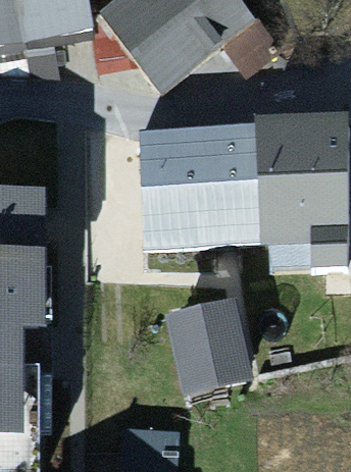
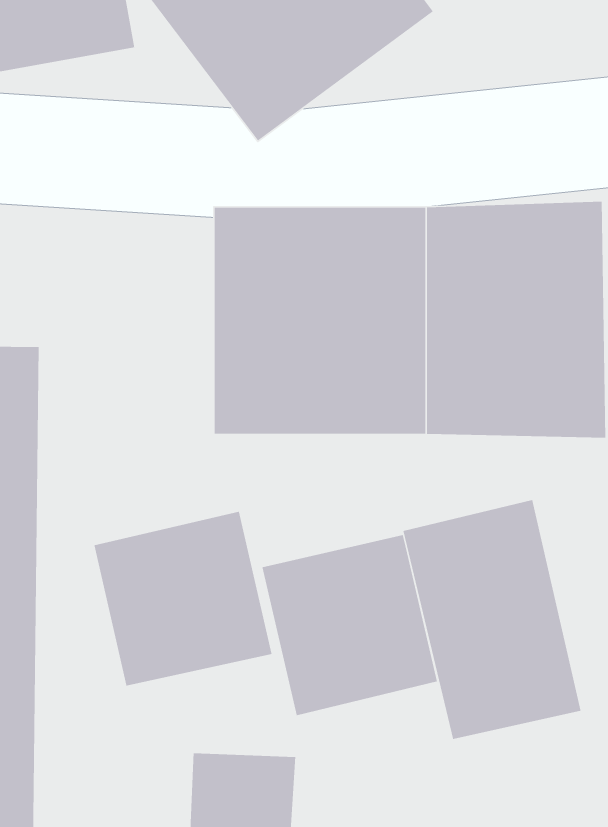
building: none -> [402,499,582,740]
building: none -> [93,511,273,687]

